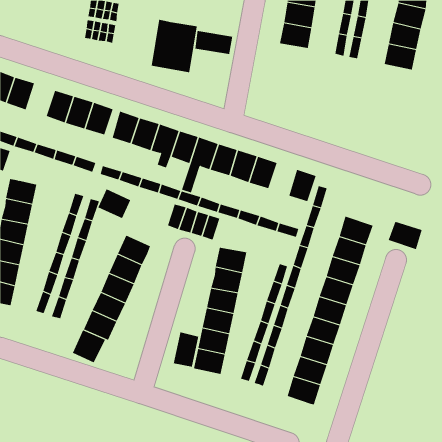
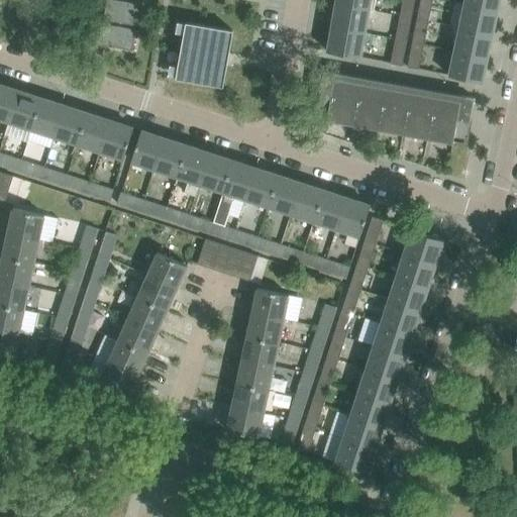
building: [195,30,233,55] -> none
building: none -> [318,71,473,143]
building: none -> [30,98,64,136]
building: none -> [313,191,345,229]
building: [97,188,131,219] -> [146,252,186,288]
building: [388,221,423,250] -> [402,230,442,264]
building: [72,329,106,363] -> none
building: [173,332,199,368] -> none

